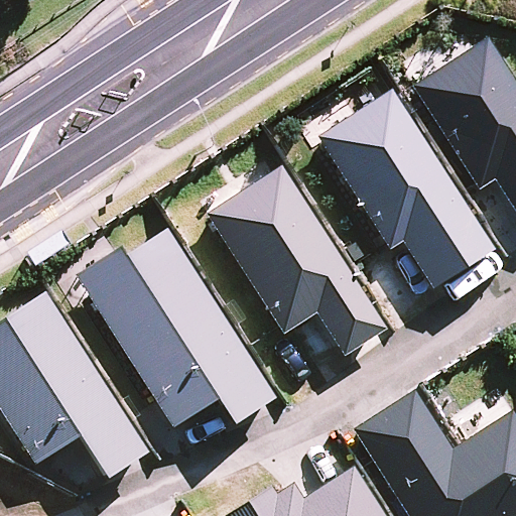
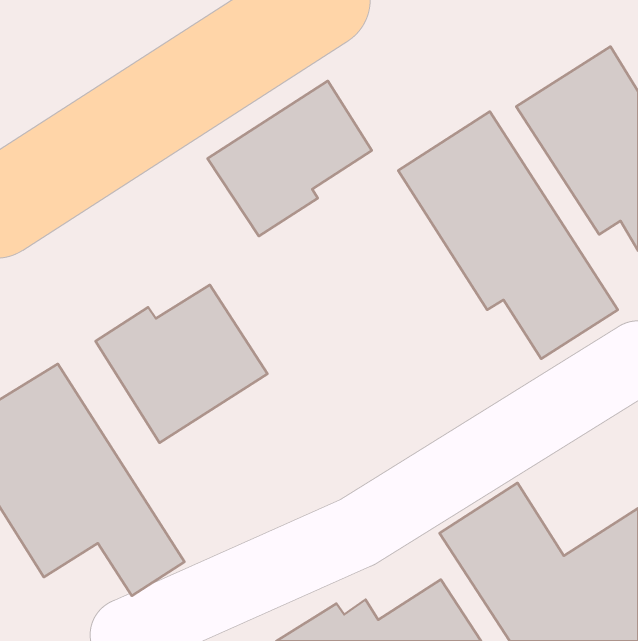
building: none -> [208,81,372,236]
building: [210,166,388,355] -> none
building: [128,300,276,425] -> none

